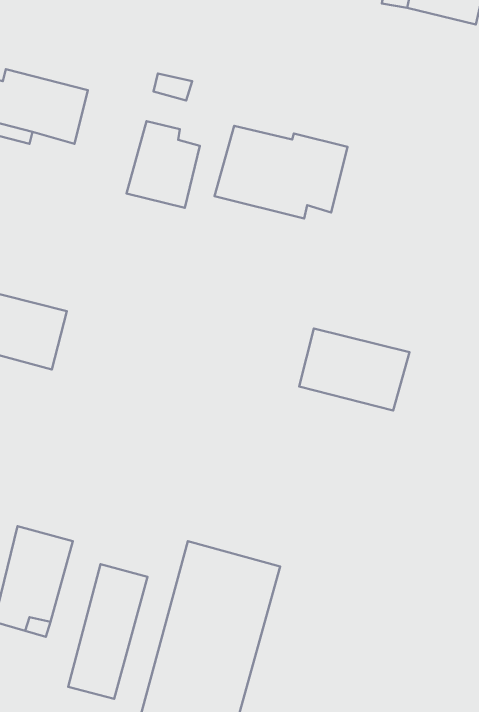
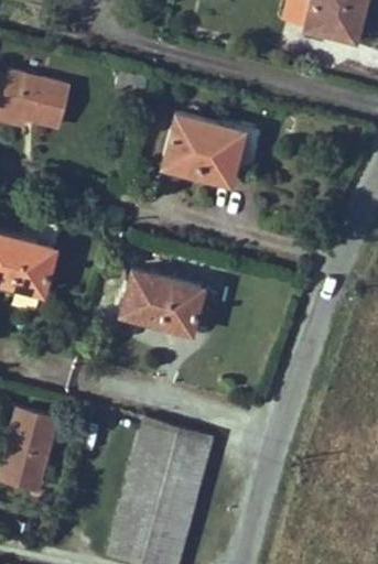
building: [127,121,200,208] -> none
building: [299,328,409,411] -> [121,271,203,332]
building: [68,564,148,699] -> none

